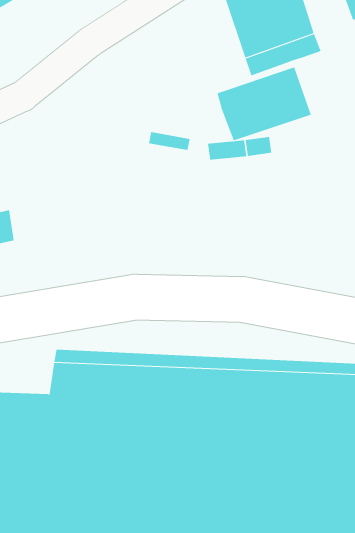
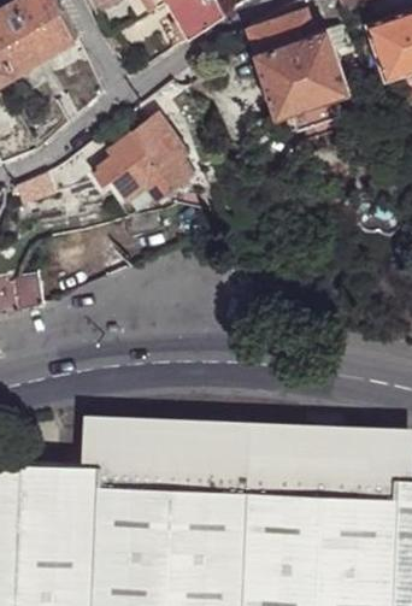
building: none -> [92,112,195,204]
building: [217,67,311,141] -> none

